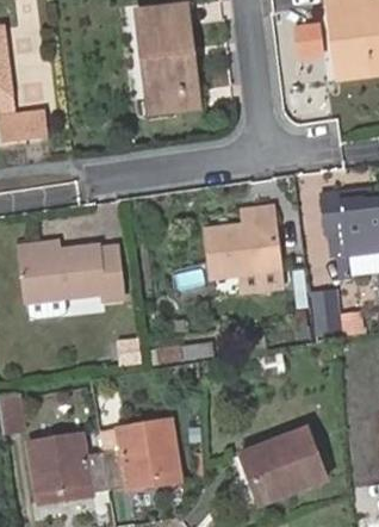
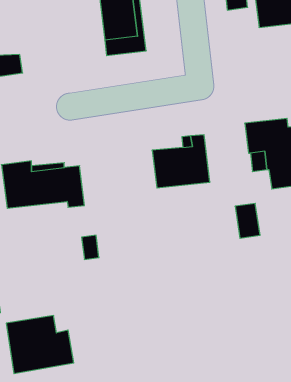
building: [102,417,180,491] -> none
building: [240,429,327,506] -> none

